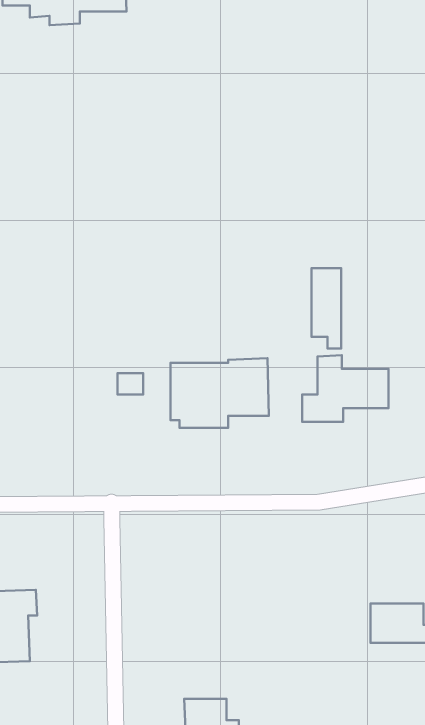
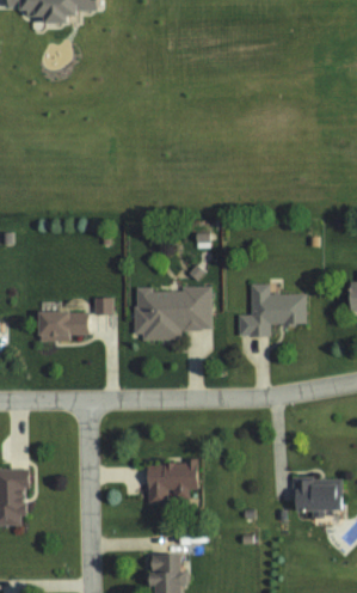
building: [311,268,341,348] -> none
building: none -> [37,311,90,342]
building: none -> [147,461,199,502]

